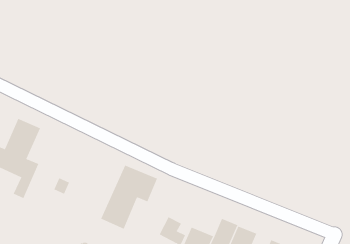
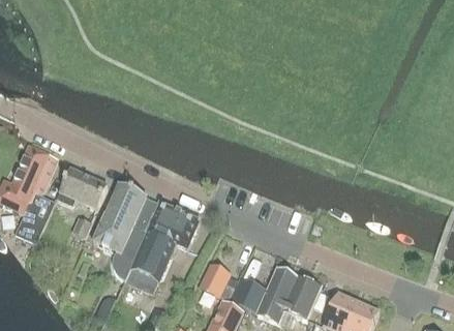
building: none -> [56,169,107,208]
building: none -> [92,184,157,279]

